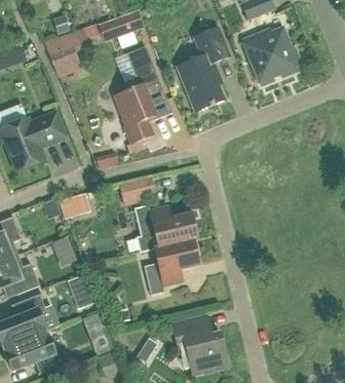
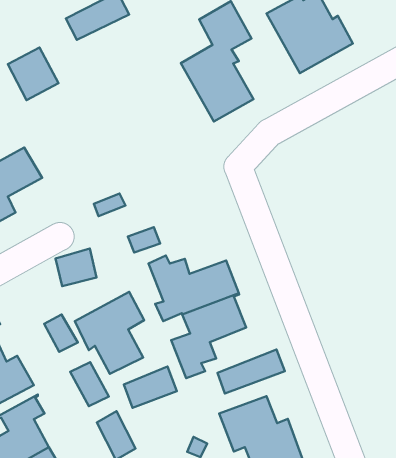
building: [114,44,171,143] -> none
building: none -> [75,292,144,374]
building: none -> [217,349,285,394]
building: none -> [124,367,177,408]

